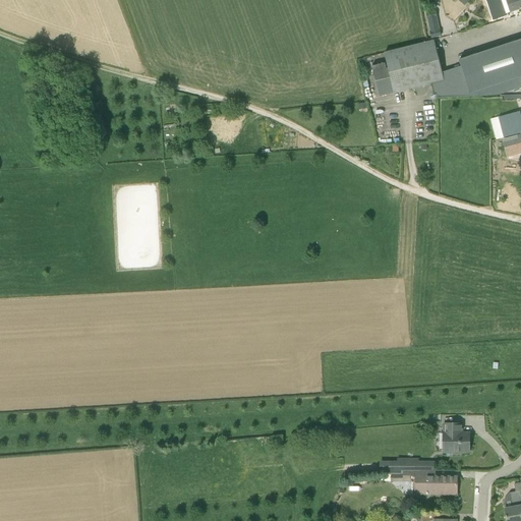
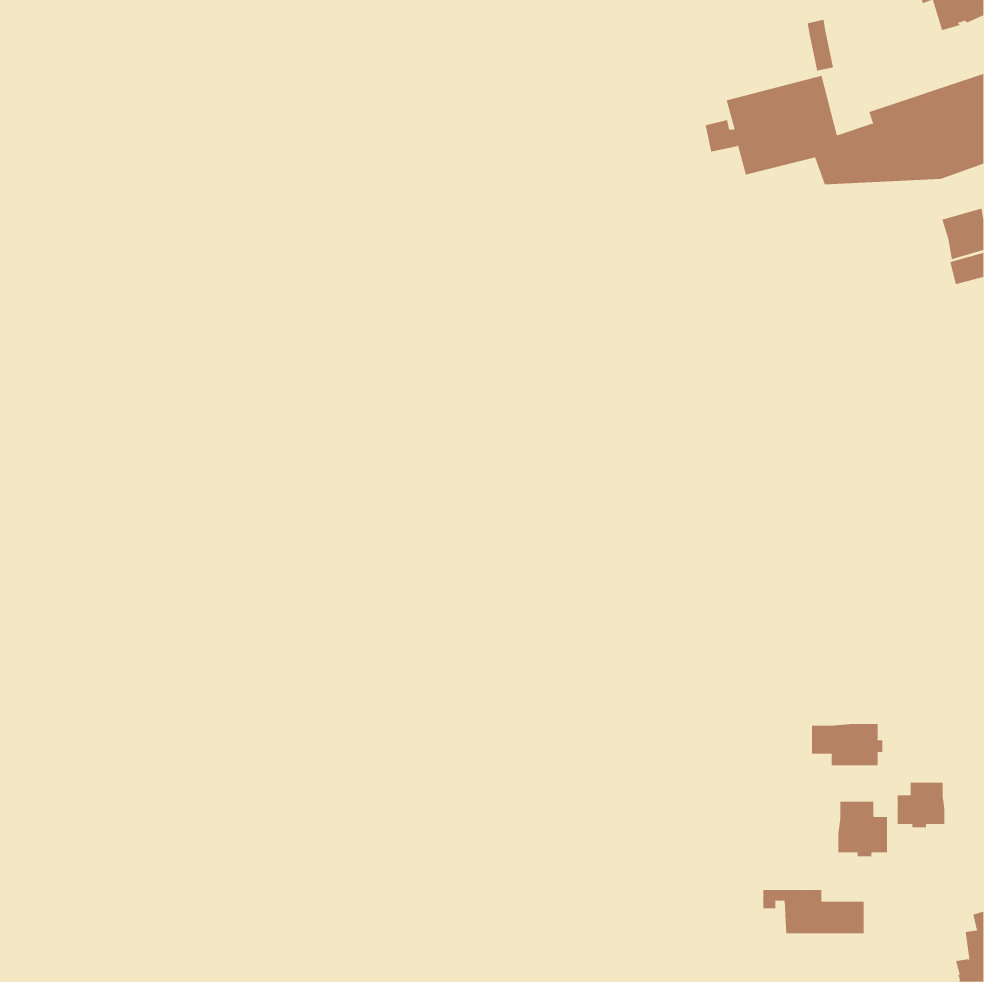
building: none -> [812,723,883,766]
building: none -> [897,782,945,828]
building: [389,458,426,472] -> none

